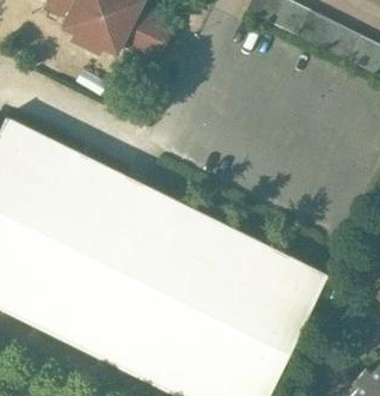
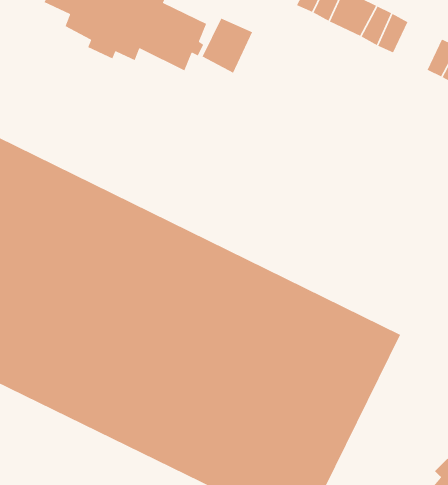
building: none -> [202,18,253,74]
building: [323,24,361,62] -> none

